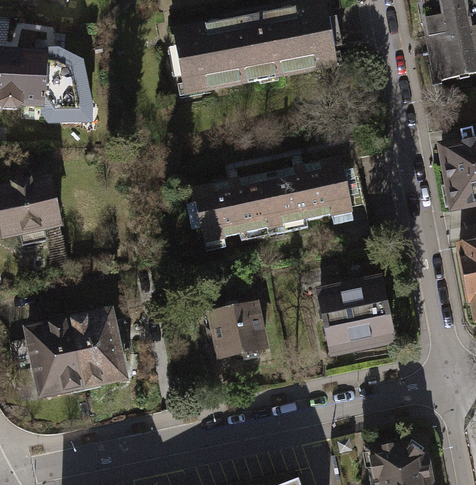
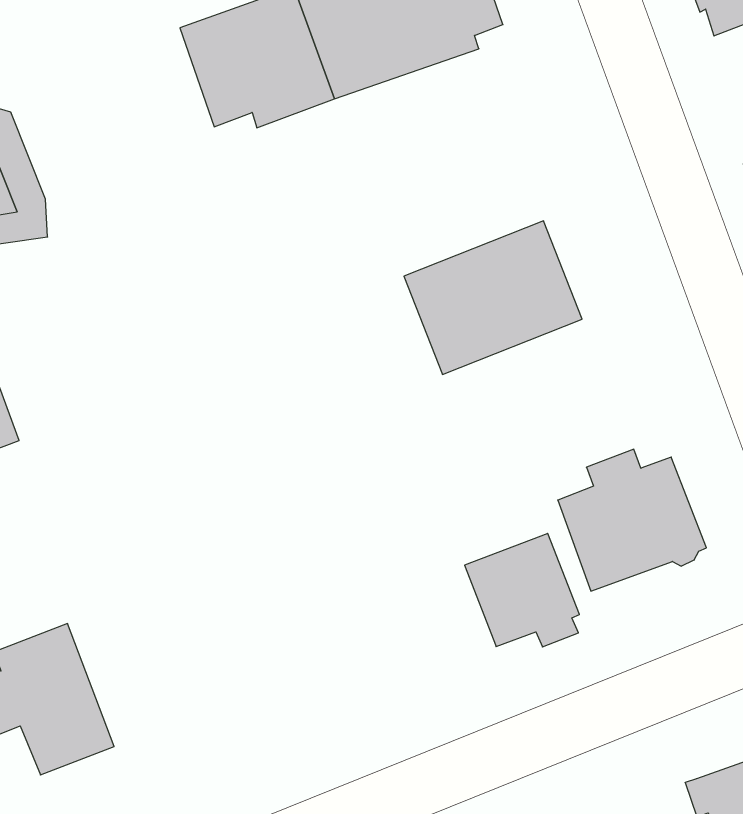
building: [191,174,276,241] -> none
building: [209,304,262,360] -> [465,533,579,647]
building: [69,311,130,384] -> none

